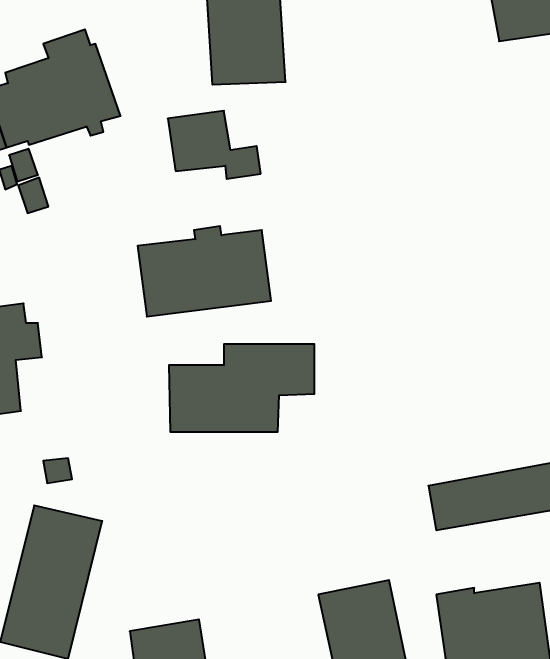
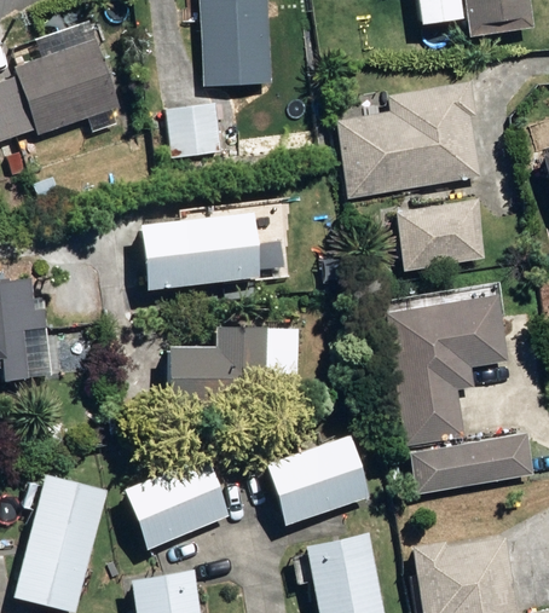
building: none -> [334,81,478,195]
building: none -> [395,198,486,273]
building: none -> [385,296,509,446]
building: none -> [265,438,370,527]
building: none -> [122,456,230,553]

